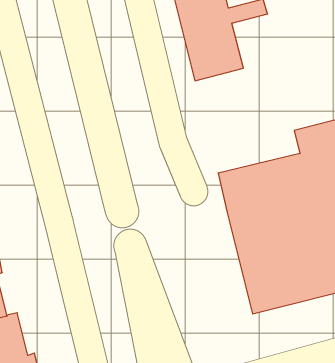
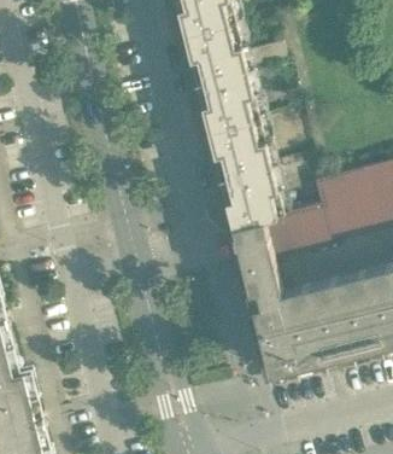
building: none -> [209,116,283,226]

